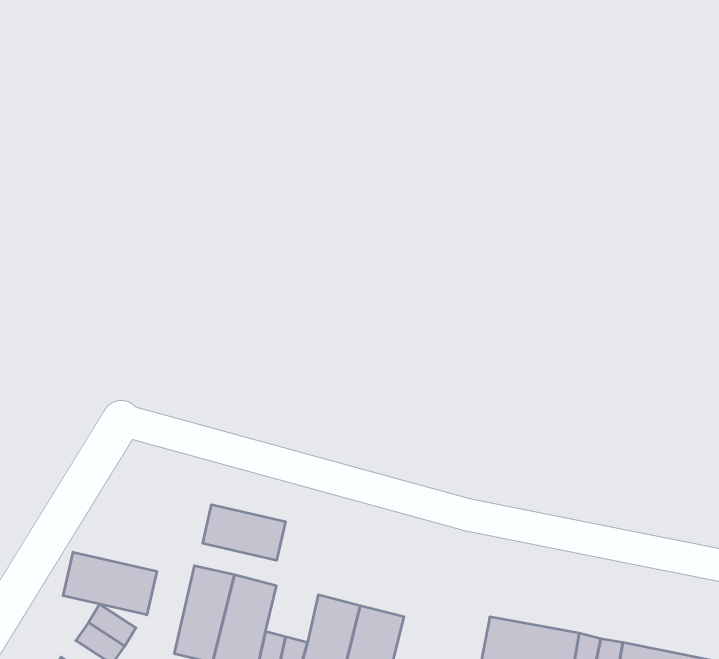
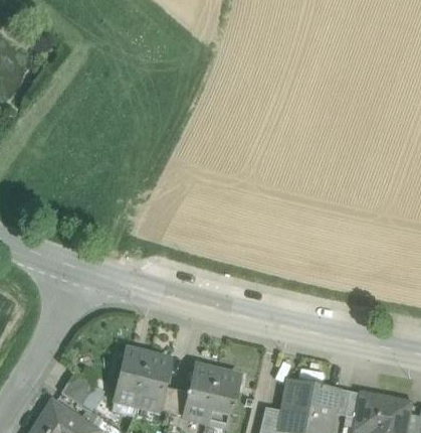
building: [203,505,285,560] -> none
building: [63,552,157,615] -> none

